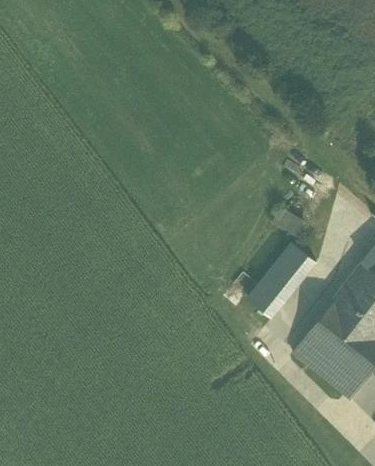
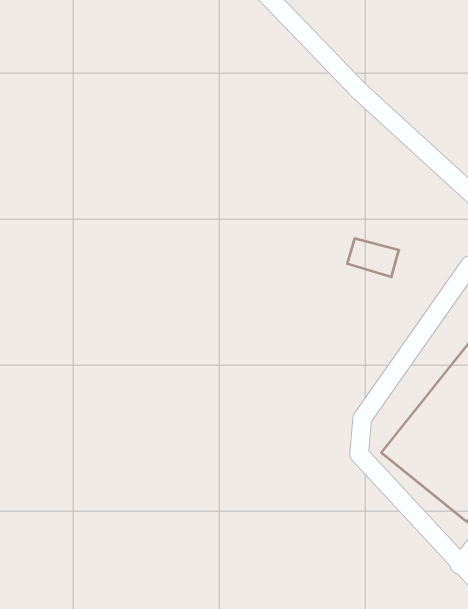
building: [248,246,310,314] -> none

